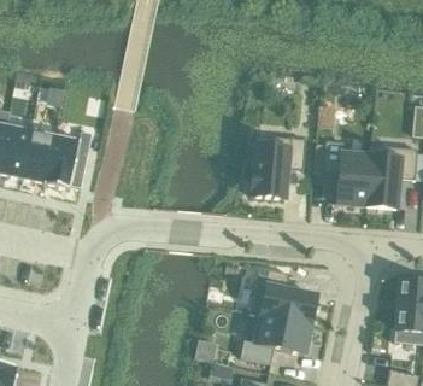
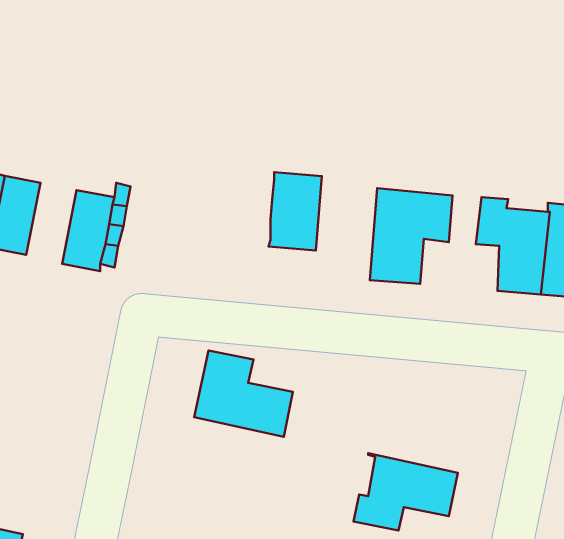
building: none -> [268,172,322,250]
building: [20,130,54,185] -> none
building: [249,267,316,324] -> [194,350,293,437]

